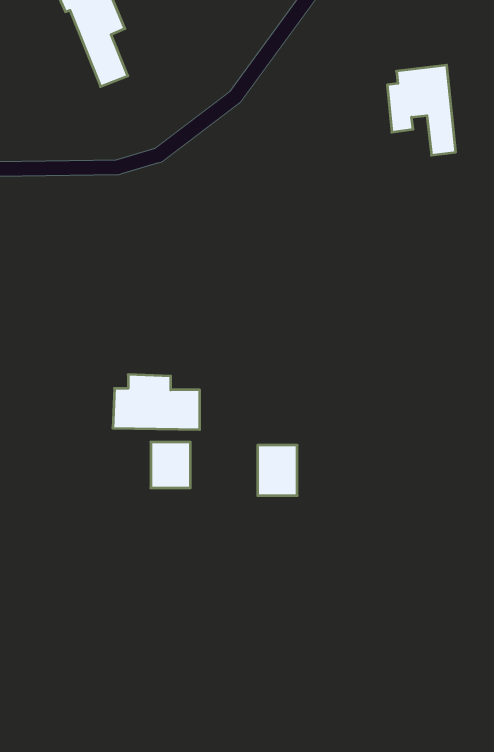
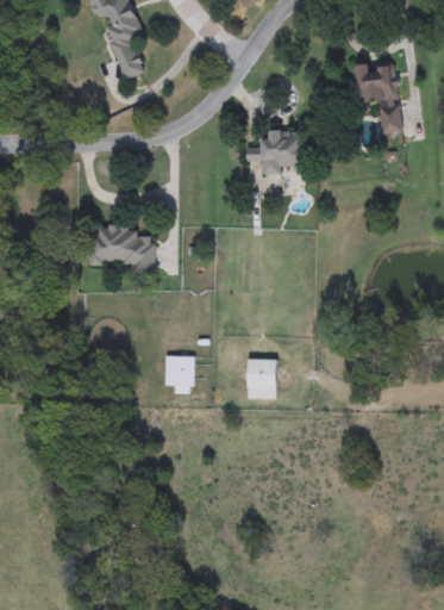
building: none -> [245,129,300,174]
building: [113,375,200,430] -> [87,224,155,267]

